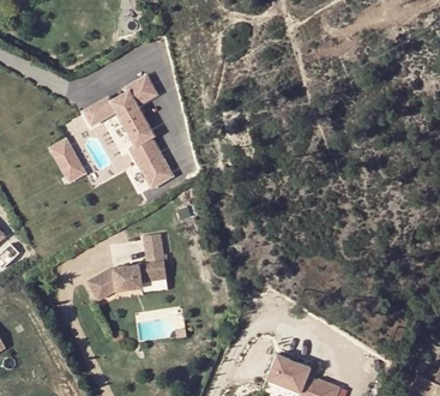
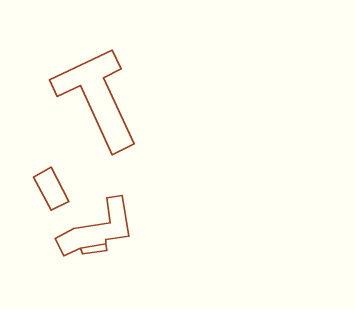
building: [48,136,86,182] -> [34,167,69,210]

